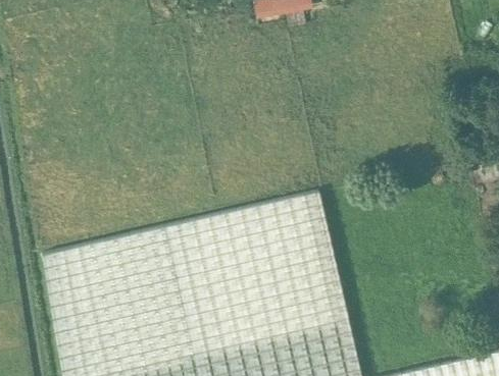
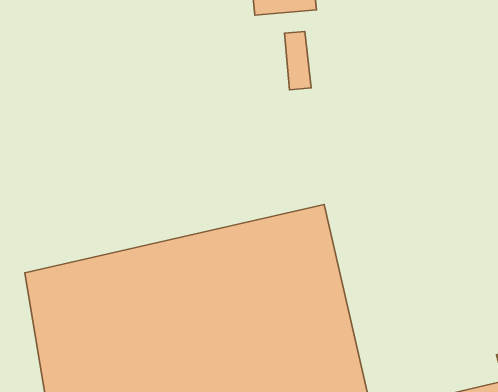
building: none -> [285,31,311,90]

